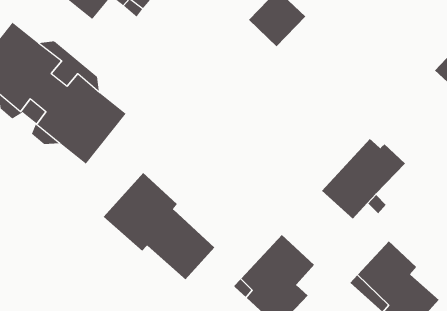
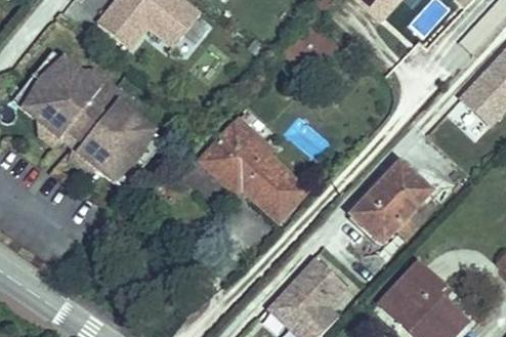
building: [103,172,215,280] -> [199,116,307,220]

